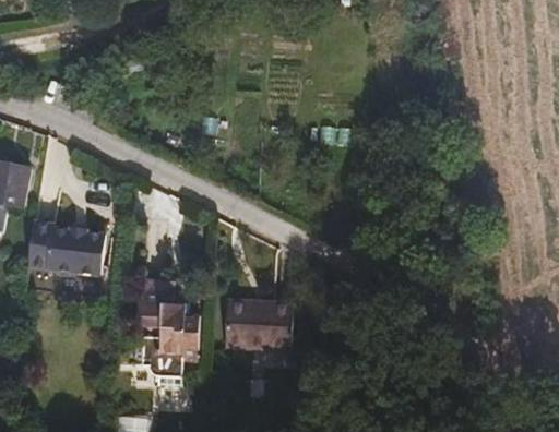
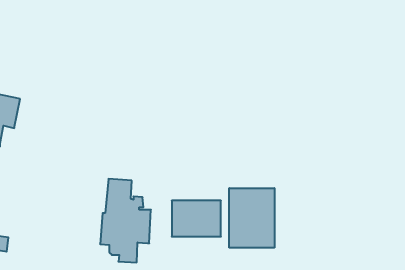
building: [25,223,106,274] -> none
building: none -> [229,188,274,248]

